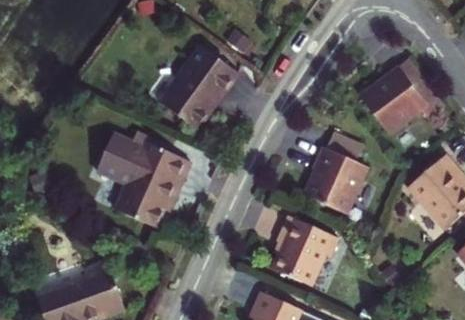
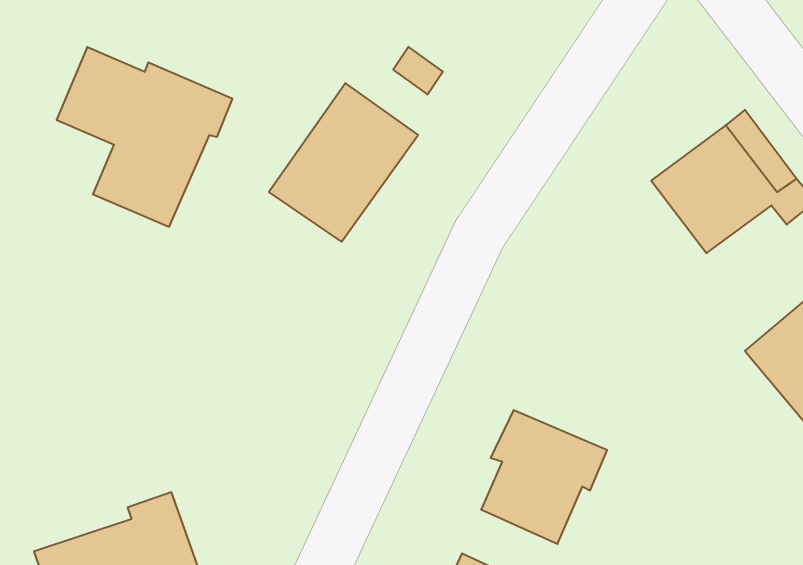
building: [304,130,368,213] -> none
building: [98,133,190,227] -> [57,47,232,227]

